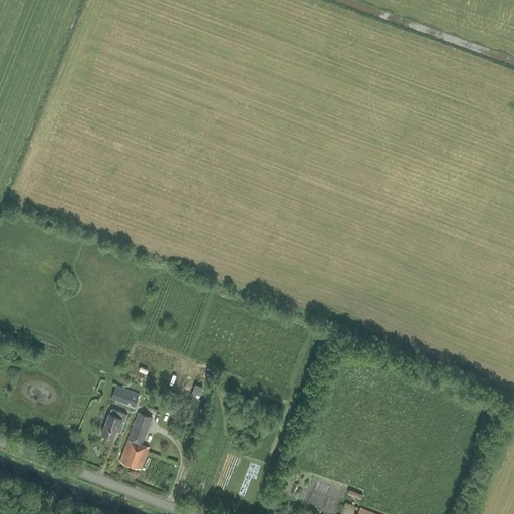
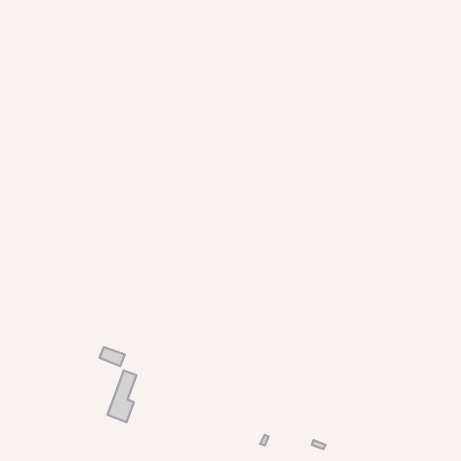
building: [100,409,126,440] -> none

